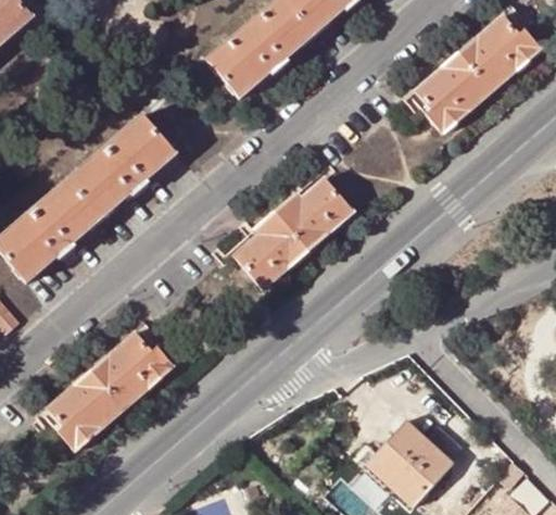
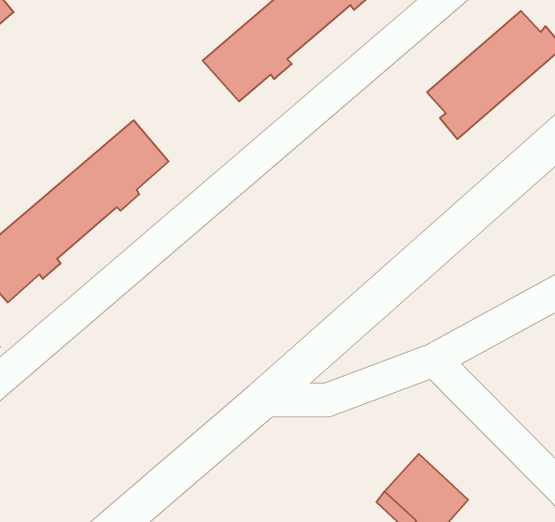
building: [233,177,351,288] -> none
building: [45,331,172,450] -> none

